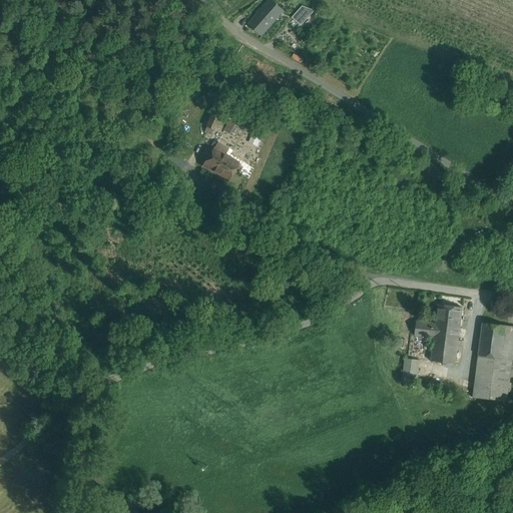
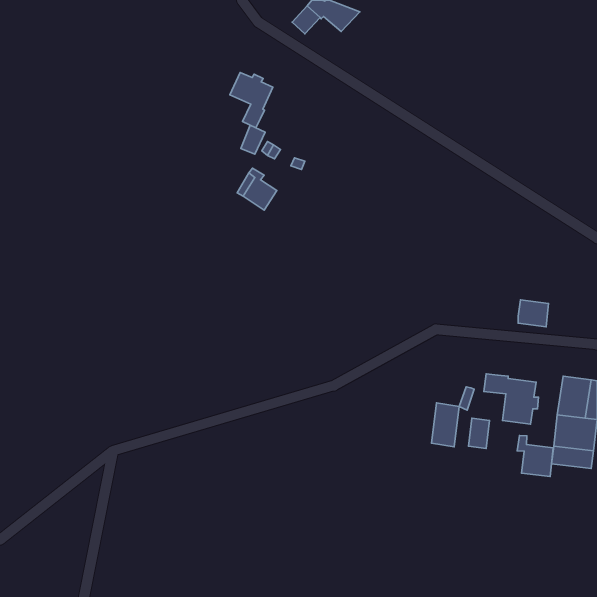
building: none -> [230,73,273,128]
building: [436,305,462,328] -> [518,300,549,327]
building: none -> [431,403,459,447]
building: none -> [517,436,553,477]

